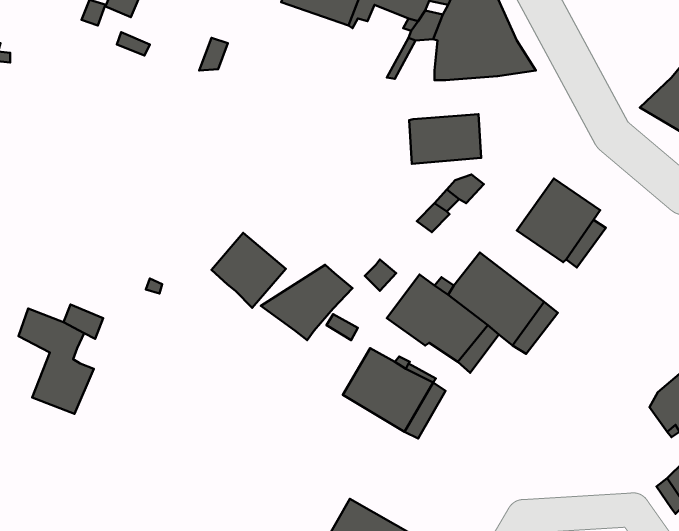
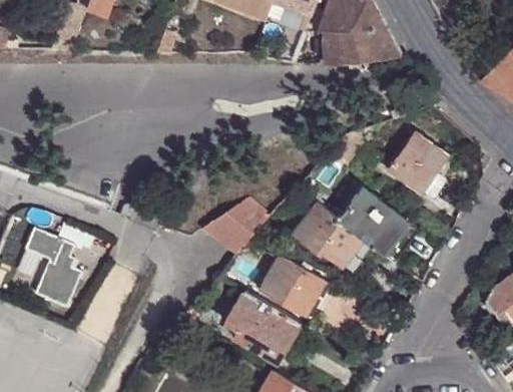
building: [409,114,481,164] -> none
building: [211,233,286,308] -> none
building: none -> [225,291,301,362]

